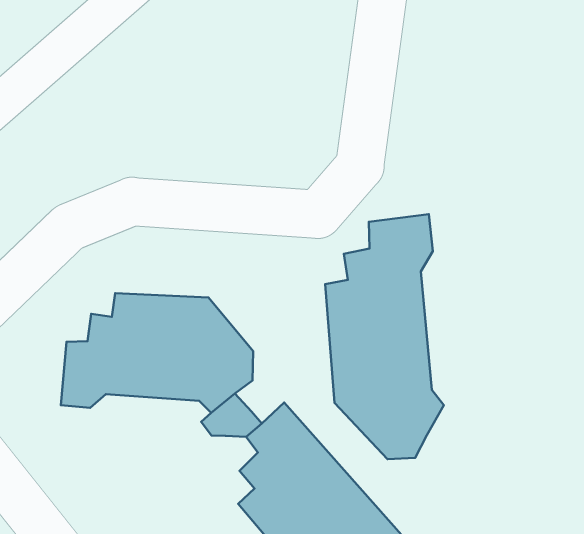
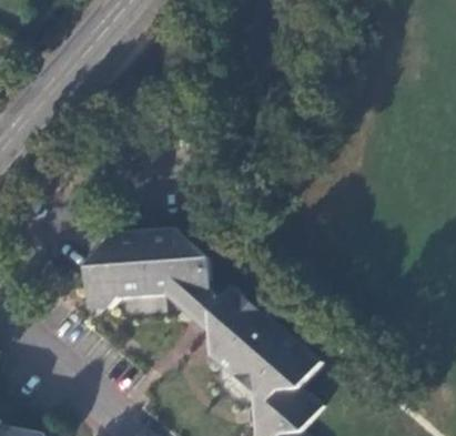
building: [325,214,444,459] -> none

